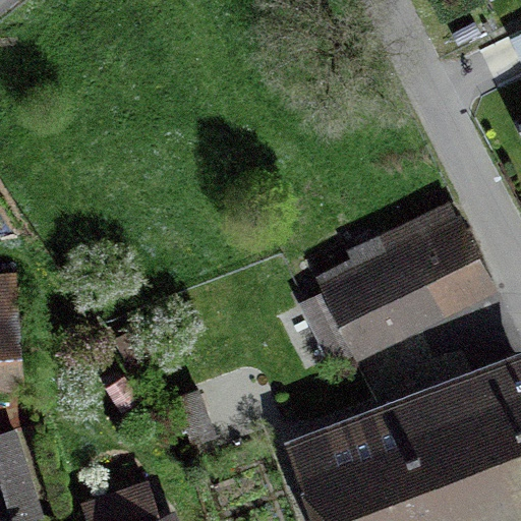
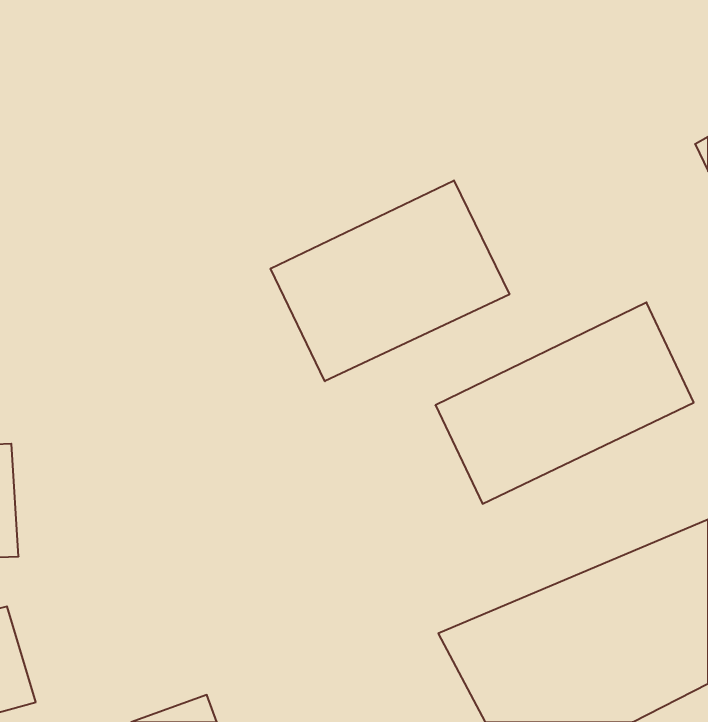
building: none -> [271,180,509,381]

